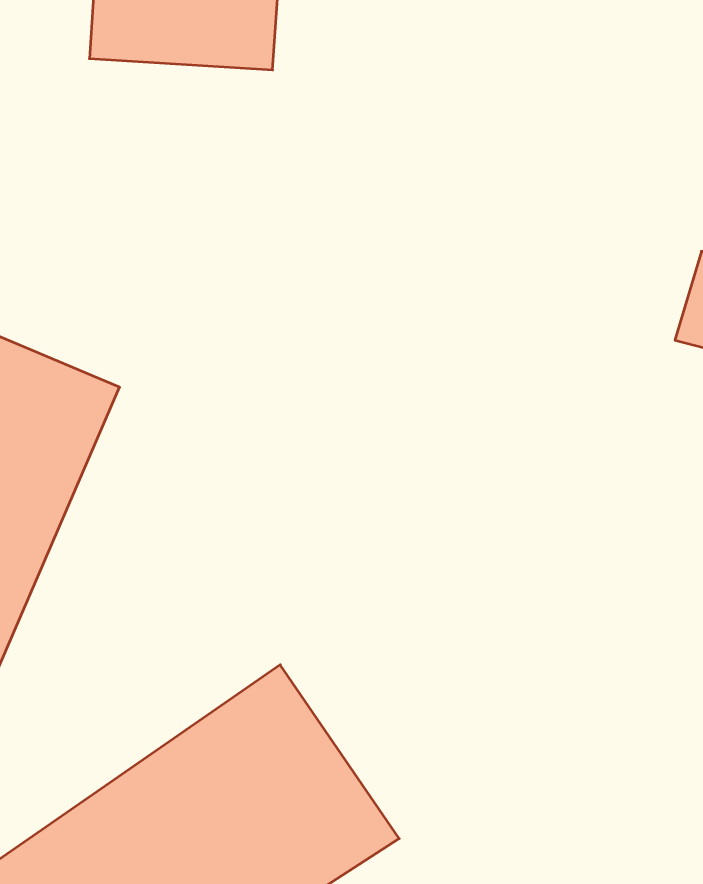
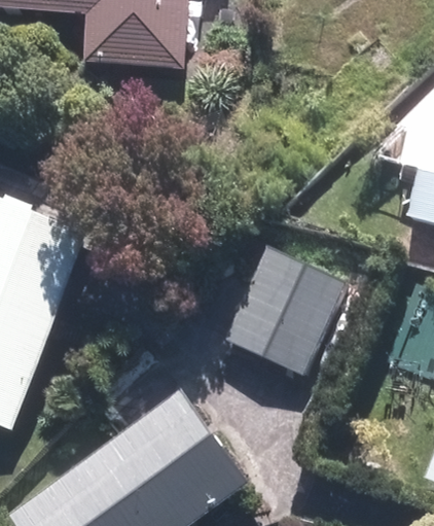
building: none -> [219,245,340,371]

